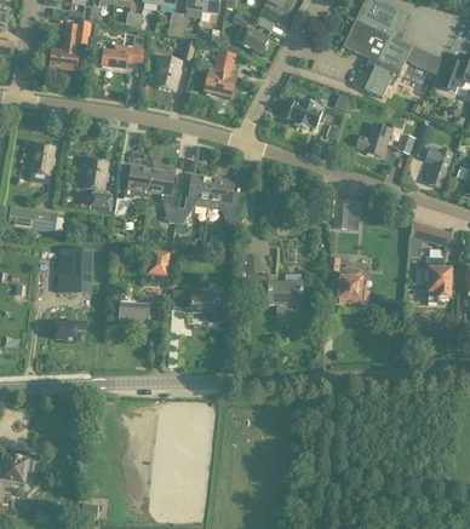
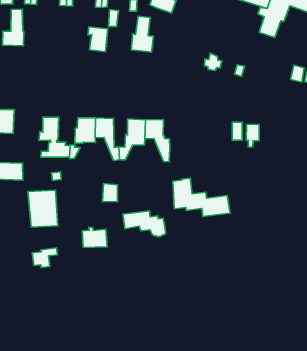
building: [101,44,144,68] -> none
building: [356,122,391,155] -> none
building: [327,255,365,301] -> none

